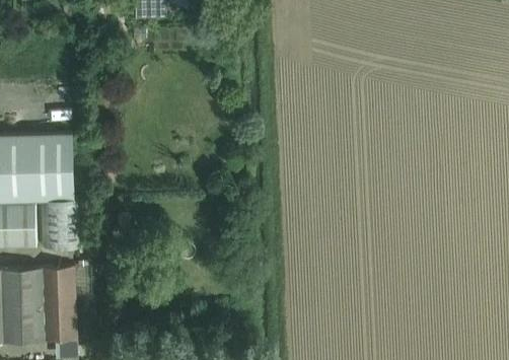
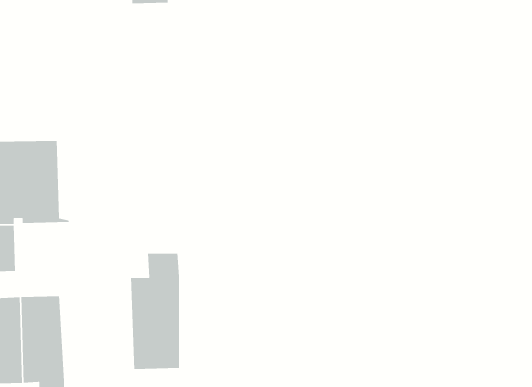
building: [41,206,82,251] -> none
building: none -> [130,253,180,370]

